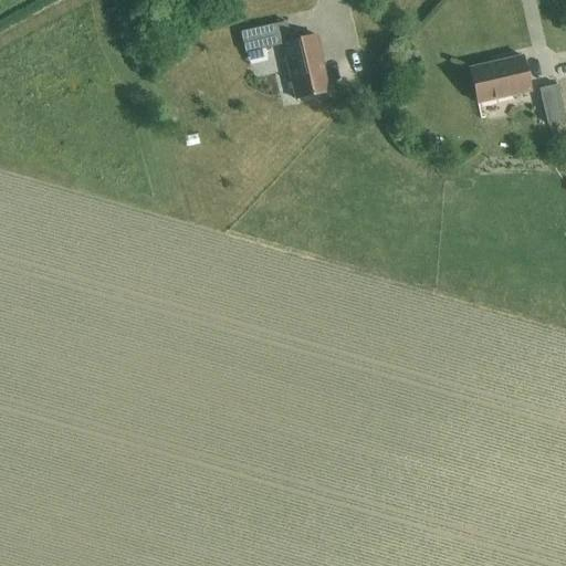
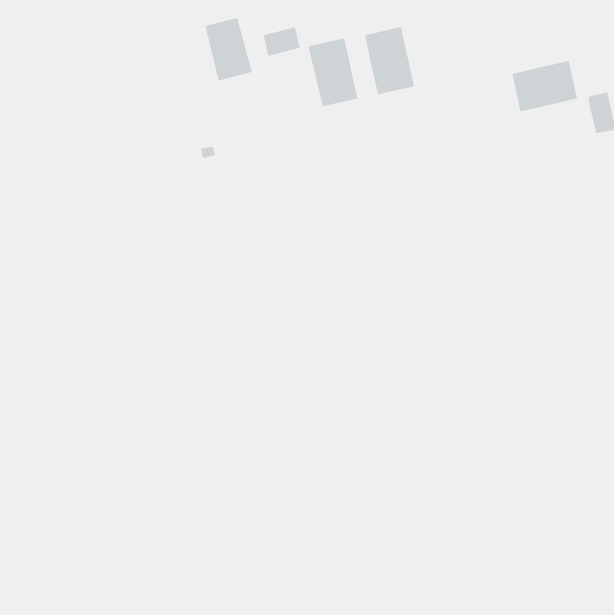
building: none -> [204,17,253,81]
building: none -> [364,26,415,95]

